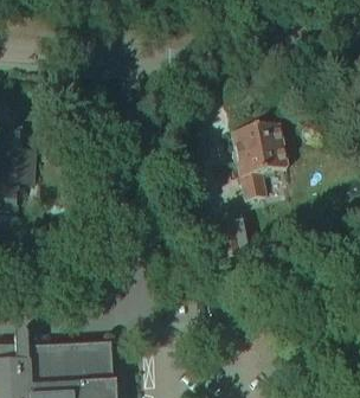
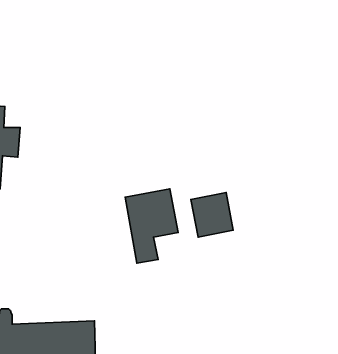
building: [233,124,287,199] -> [125,189,178,263]

